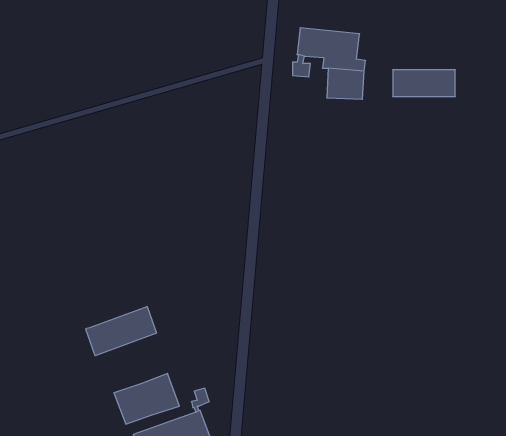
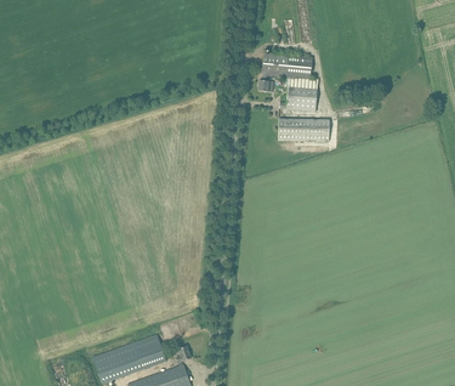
building: [393,70,455,97] -> [278,119,329,141]
building: [86,306,156,356] -> none

